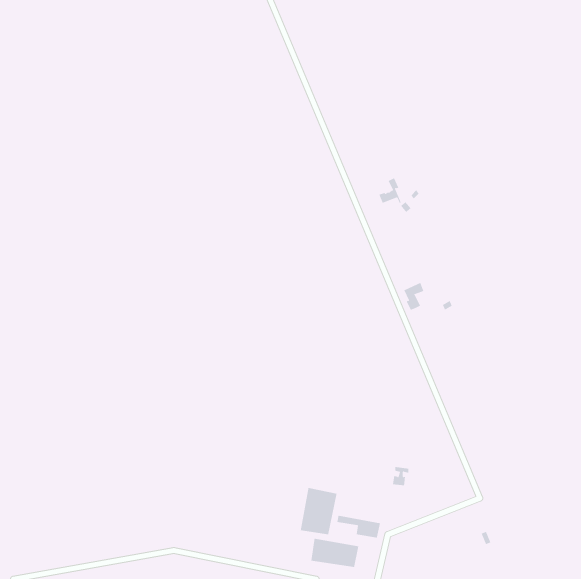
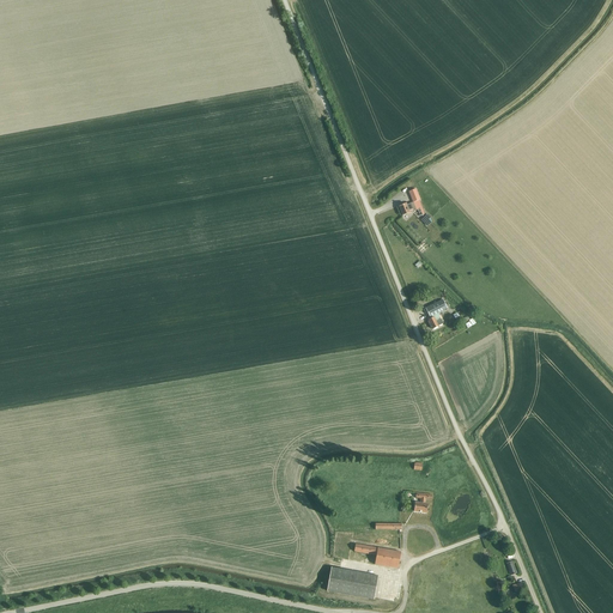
building: [300,487,337,535] -> none

